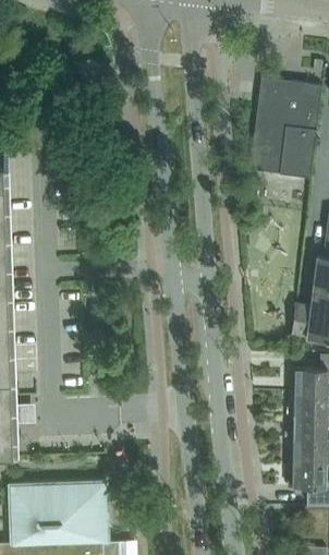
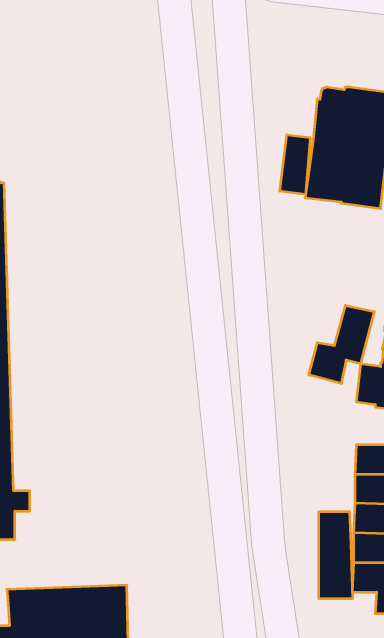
building: none -> [280,135,310,194]
building: none -> [309,305,374,384]
building: none -> [319,512,352,599]

